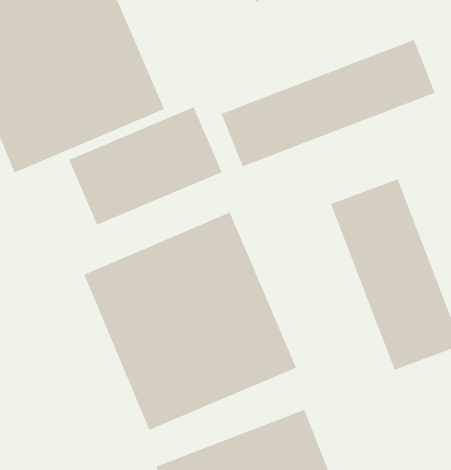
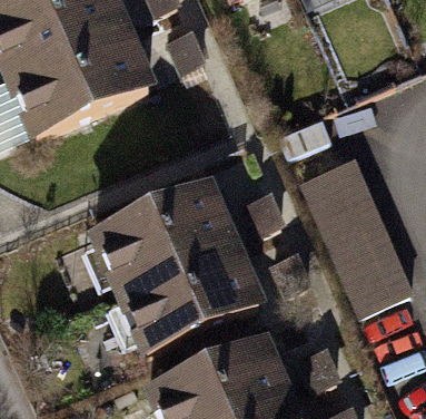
building: [221,39,436,167] -> none
building: [68,107,222,226] -> none

